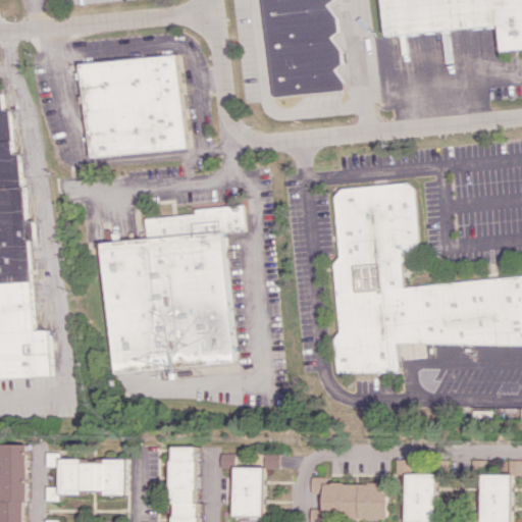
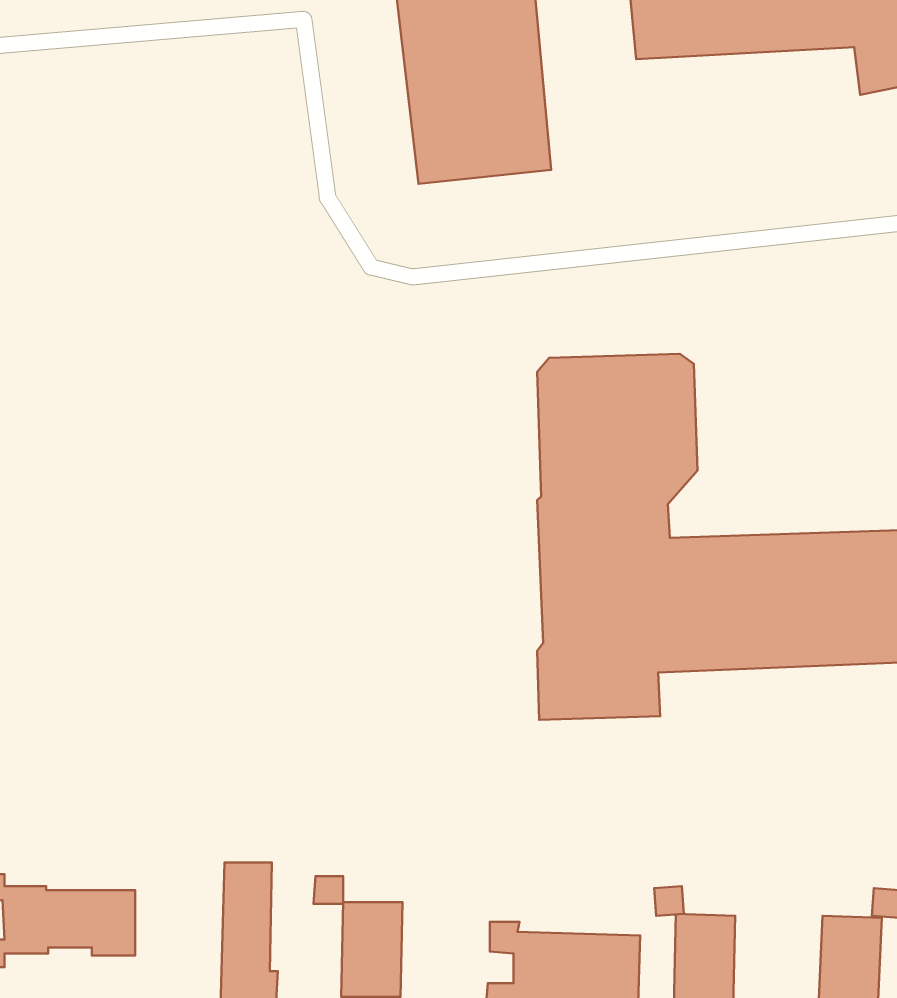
building: [81,56,185,157] -> none
building: [100,206,243,380] -> none

